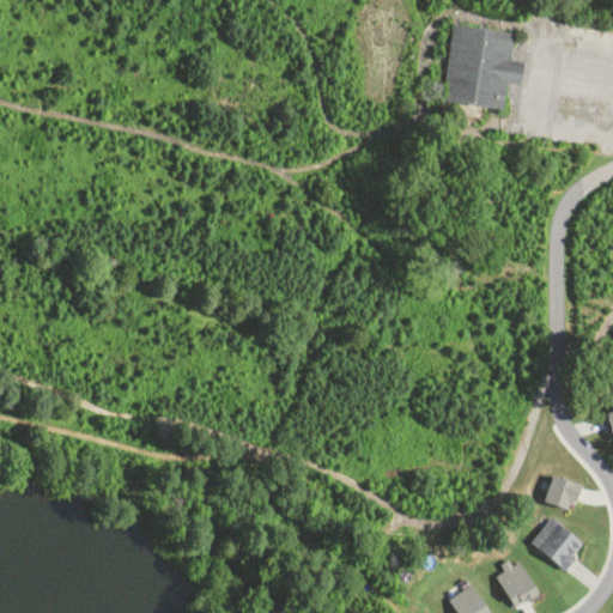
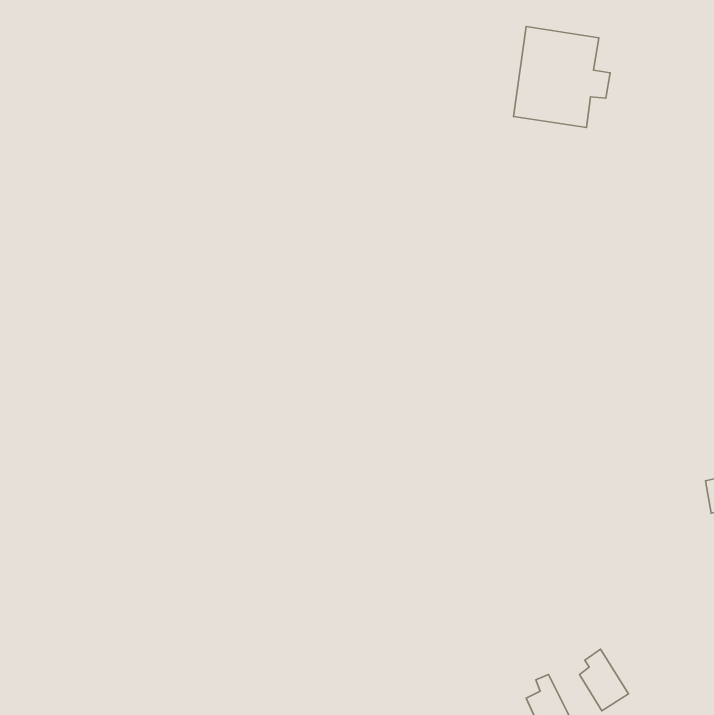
building: [544,474,581,511] -> none
building: [533,517,587,570] -> none

